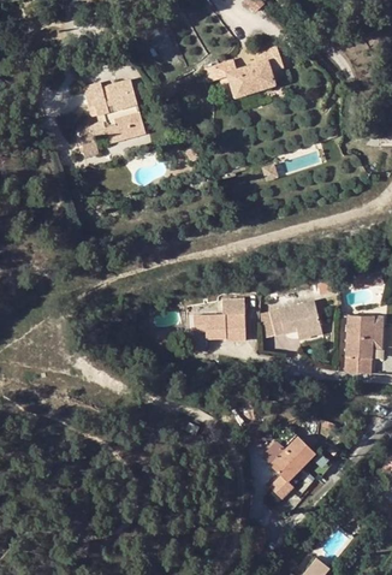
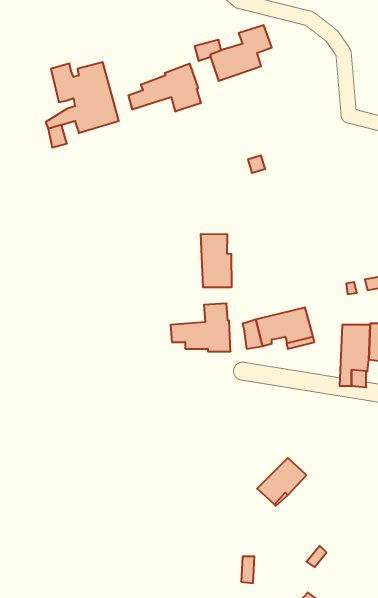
building: none -> [128,64,201,112]
building: none -> [201,234,231,287]

